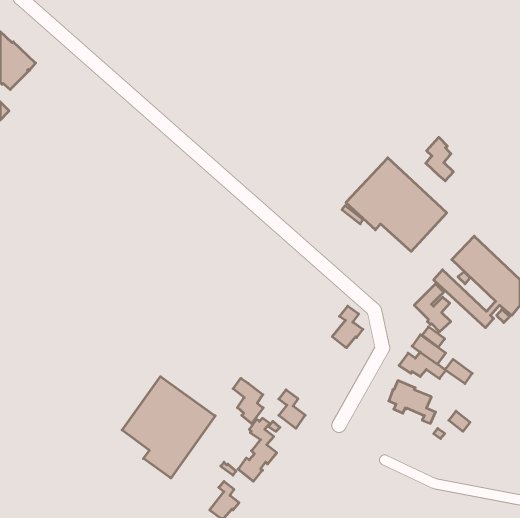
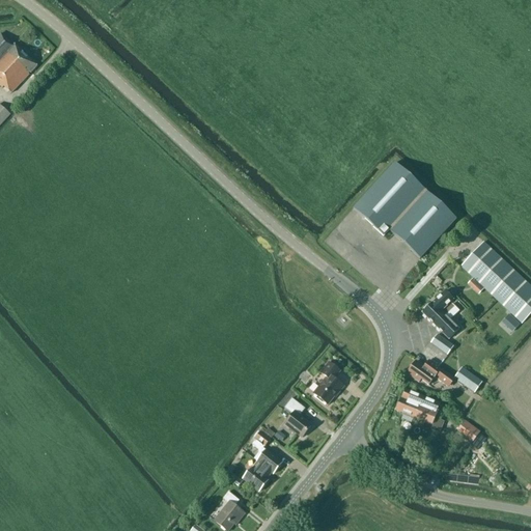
building: [426,137,453,181] -> none
building: [332,306,363,348] -> [312,361,343,403]
building: [122,377,215,478] -> none
building: [233,378,263,424] -> none

